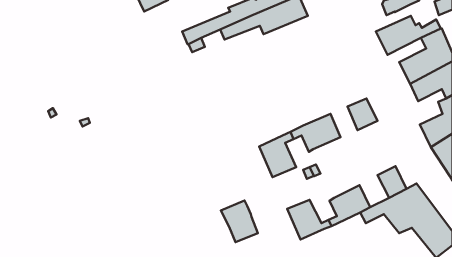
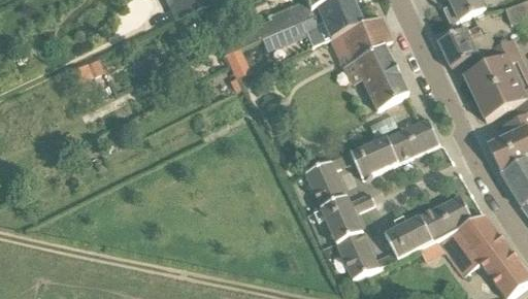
building: none -> [329,15,408,108]
building: none -> [388,126,419,161]
building: none -> [421,204,455,240]
building: [221,201,258,242] -> [322,195,364,242]

